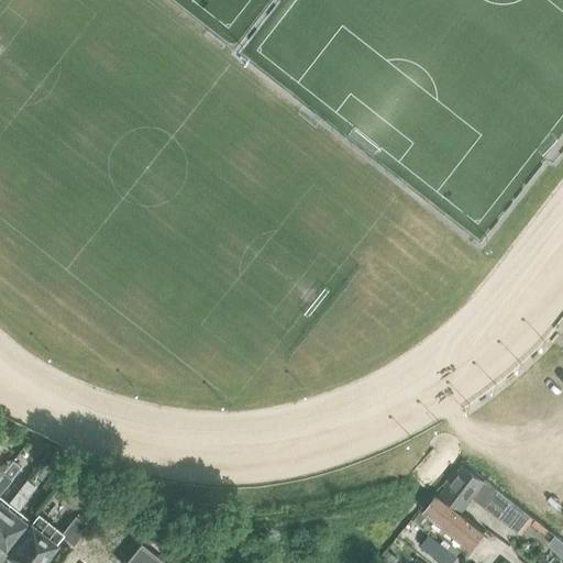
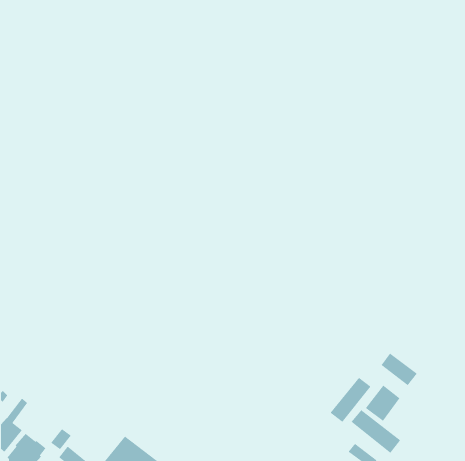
building: none -> [330,377,372,423]
building: [485,496,530,537] -> [381,352,418,386]

